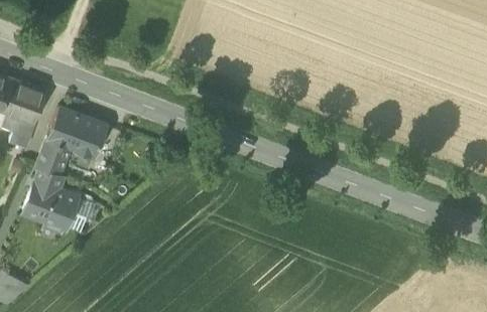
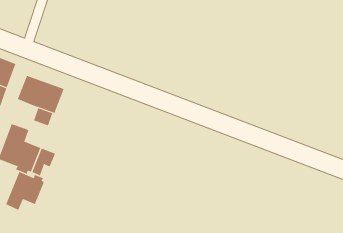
building: [36,137,70,173] -> none
building: none -> [6,171,44,210]

